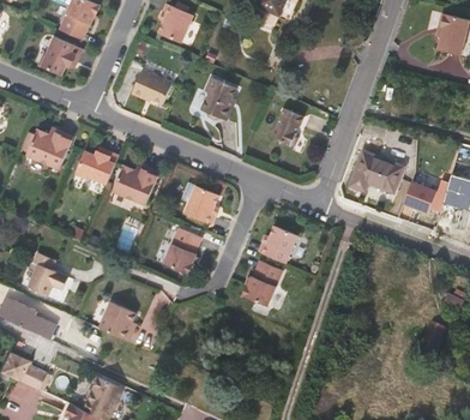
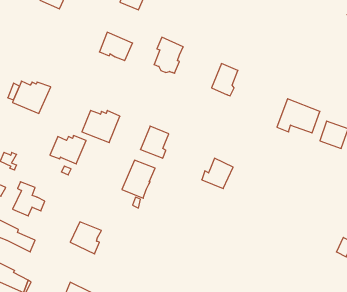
building: [38,36,83,76] -> none
building: [74,149,119,184] -> [50,136,86,164]
building: [243,258,284,305] -> none

